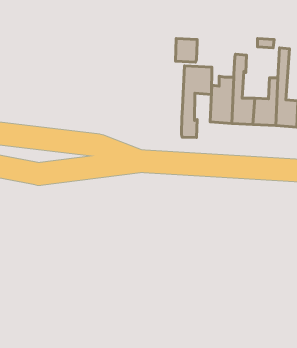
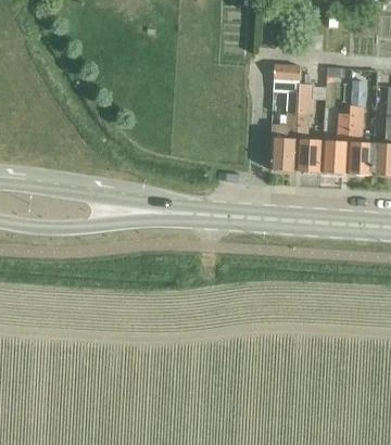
building: [175,38,197,62] -> [274,63,300,91]
building: [181,66,212,137] -> none

